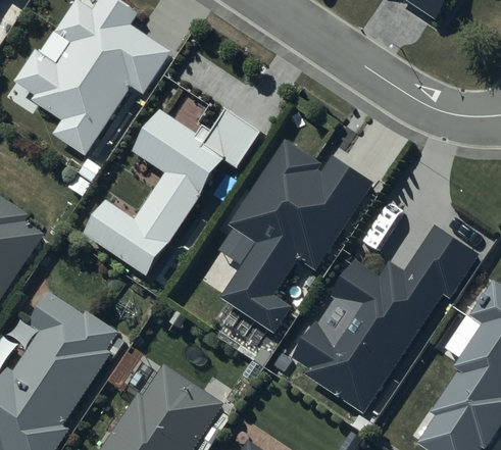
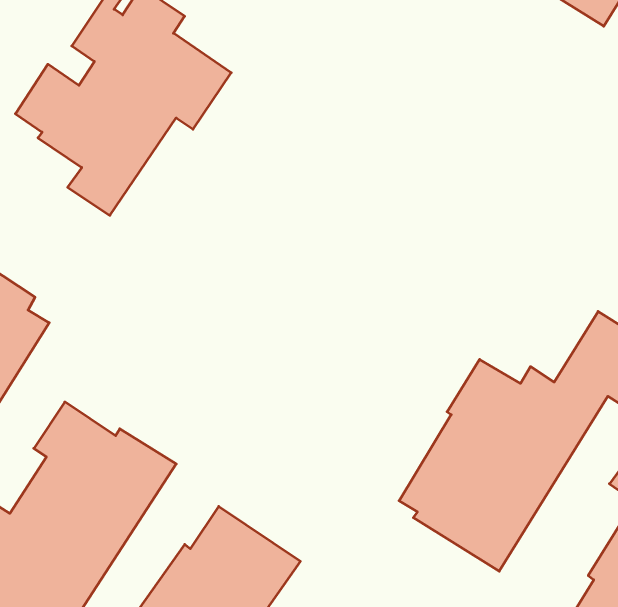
building: [84,108,264,276] -> none
building: [220,139,373,334] -> none

